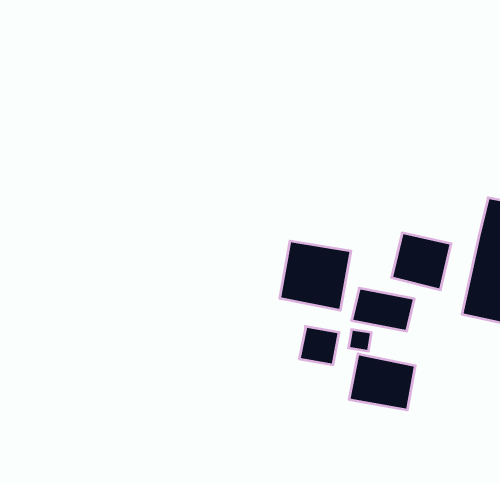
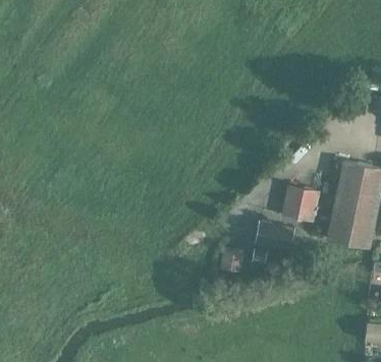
building: [280,241,351,310] -> none
building: [349,354,415,410] -> none

